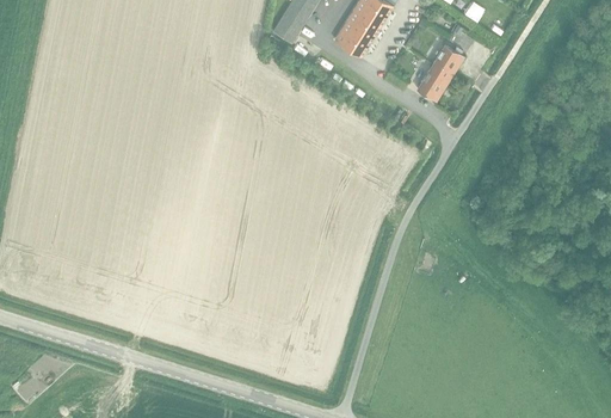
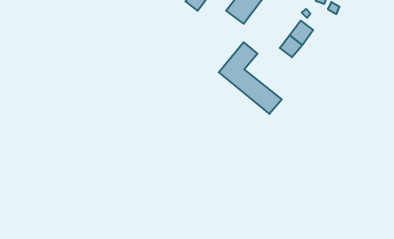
building: none -> [219,42,282,114]

